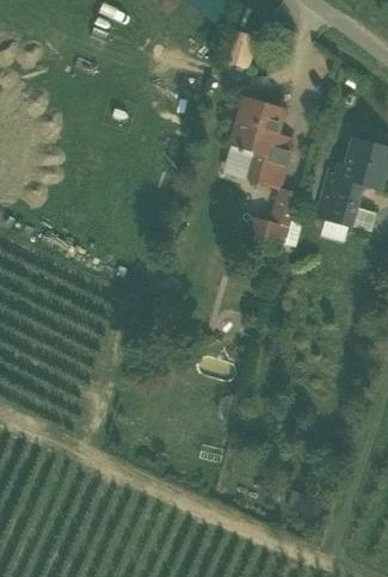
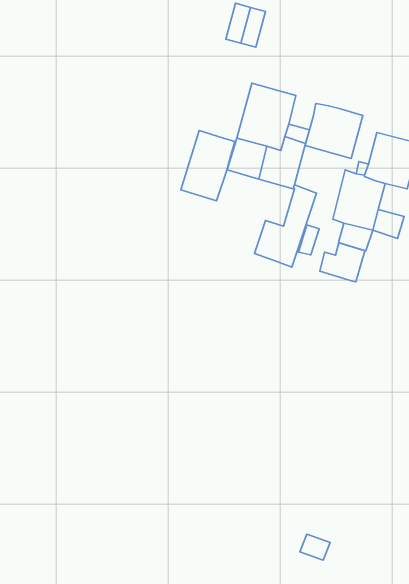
building: none -> [305,104,363,159]
building: none -> [181,130,235,201]
building: none -> [320,243,365,282]

